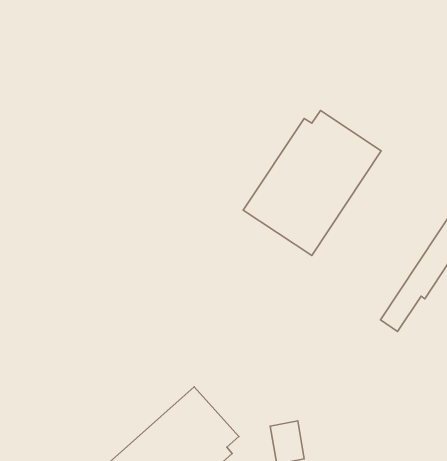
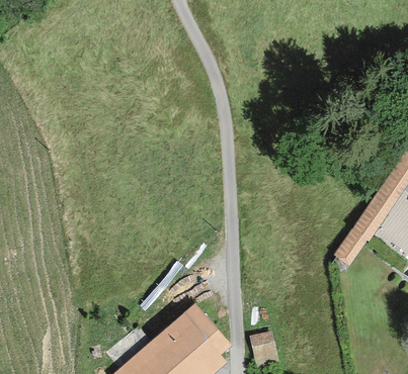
building: [243,110,381,255] -> none

